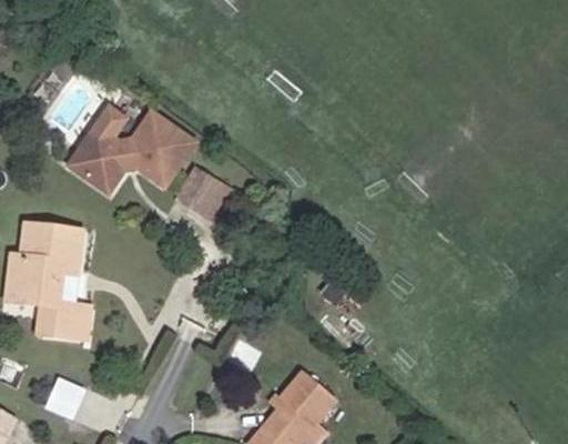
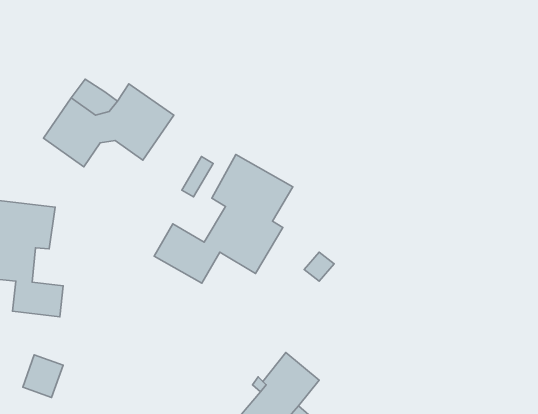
building: [175,166,221,215] -> none
building: none -> [154,154,293,283]

